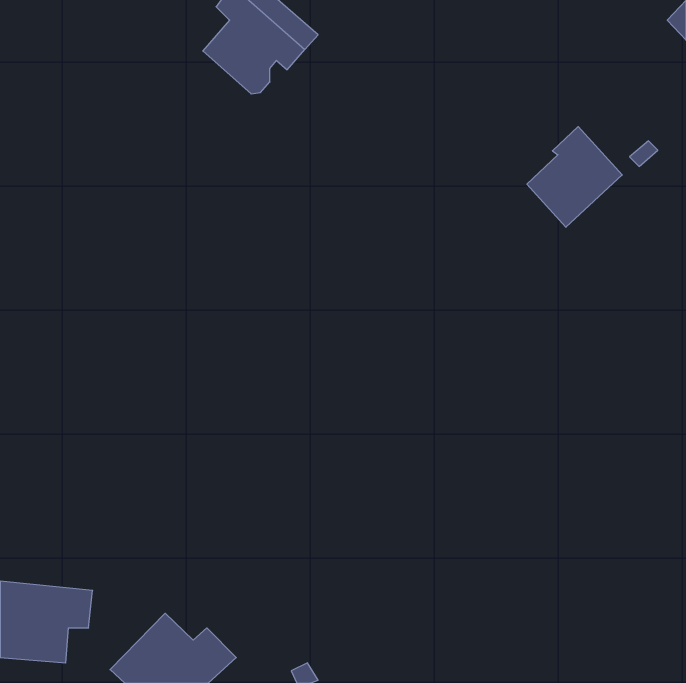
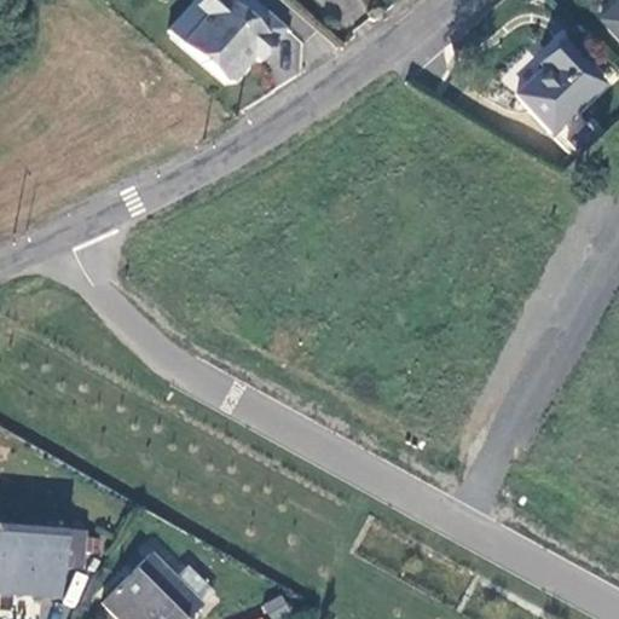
building: [527,127,622,227] -> [517,42,603,133]

